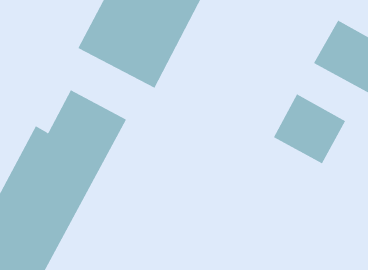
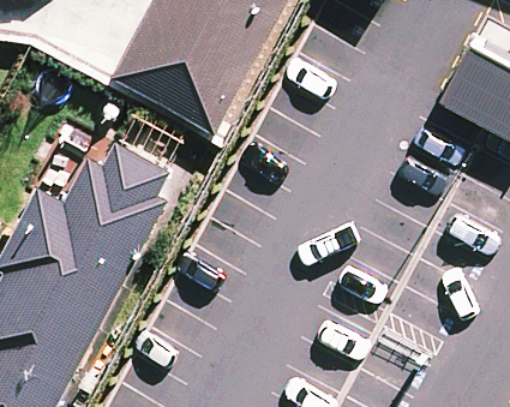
building: [273,94,346,164] -> none

